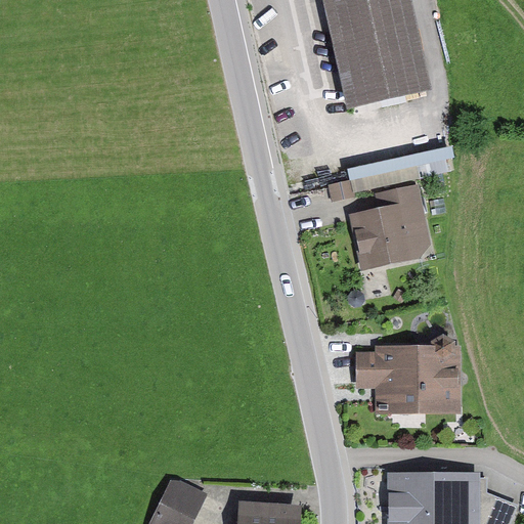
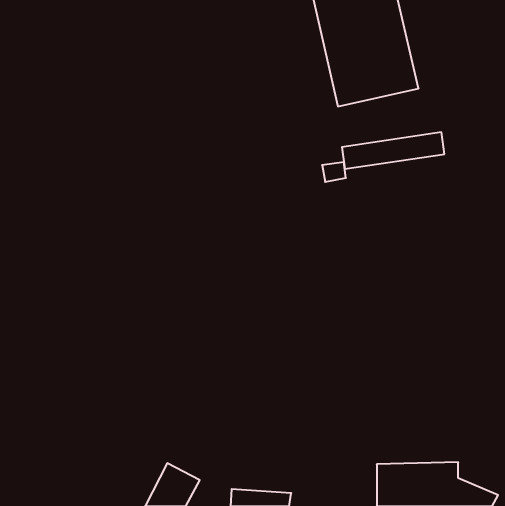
building: [353,185,433,271] -> none
building: [363,347,456,416] -> none

